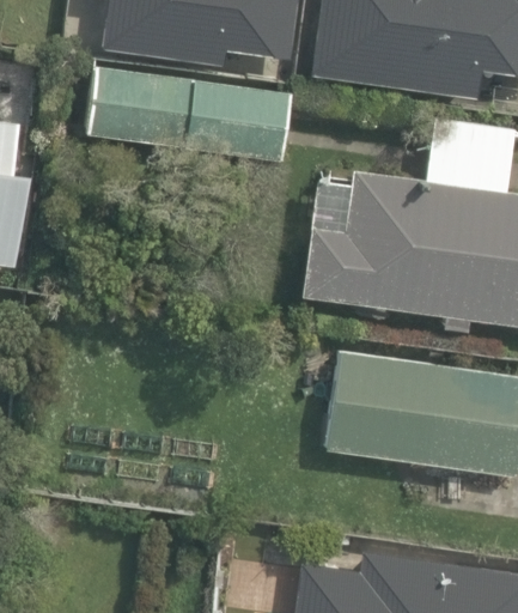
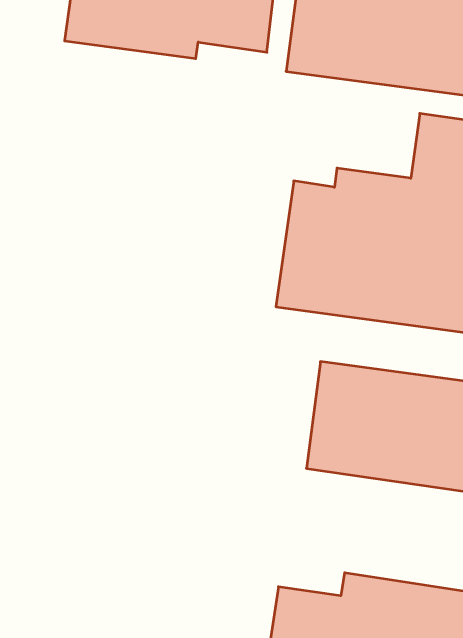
building: [85,67,293,163] -> none

